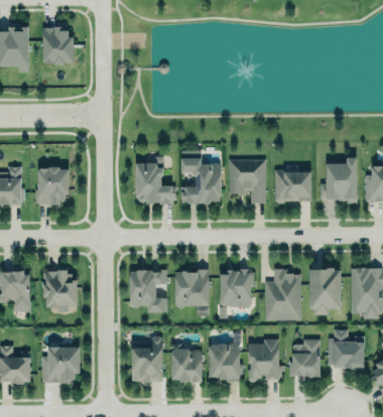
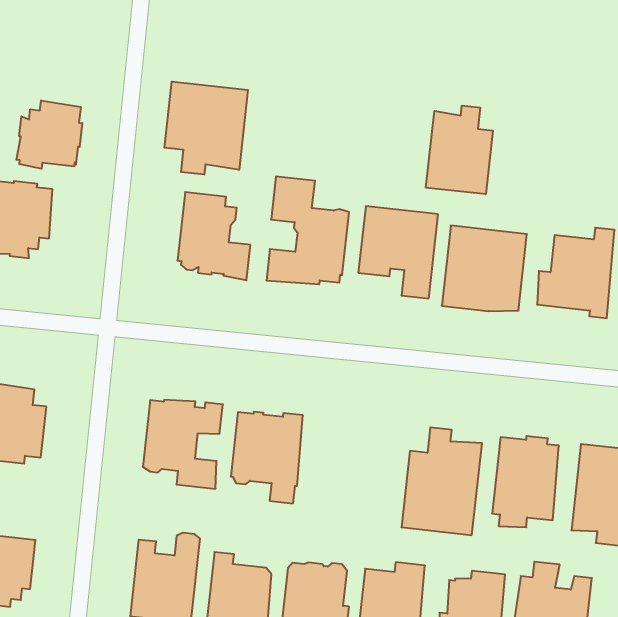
building: none -> [426,106,493,194]
building: none -> [164,81,248,175]
building: none -> [17,100,82,169]
building: [220,269,254,308] -> none

